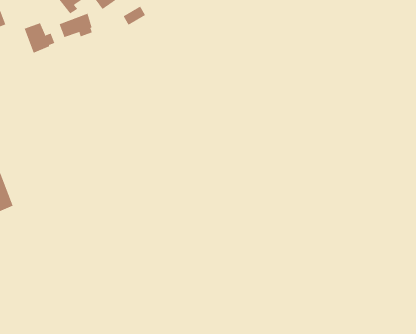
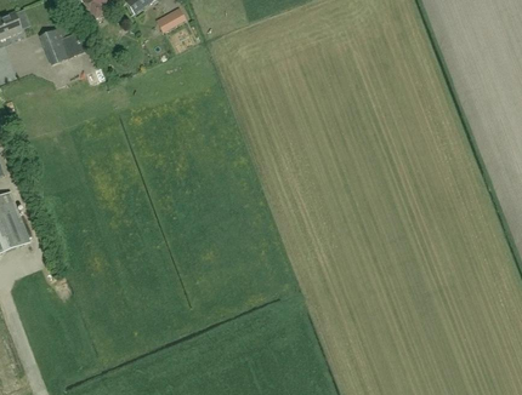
building: [59,13,93,38] -> none

